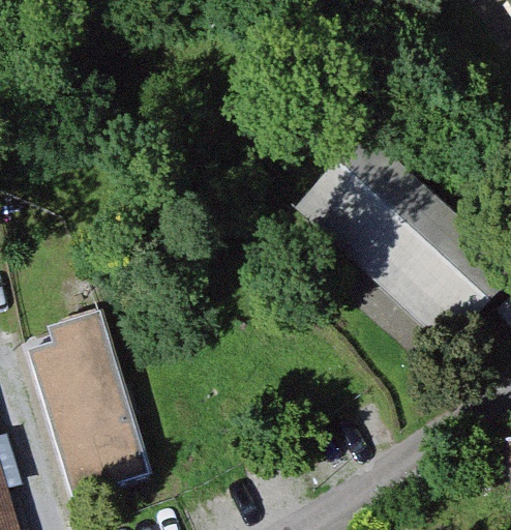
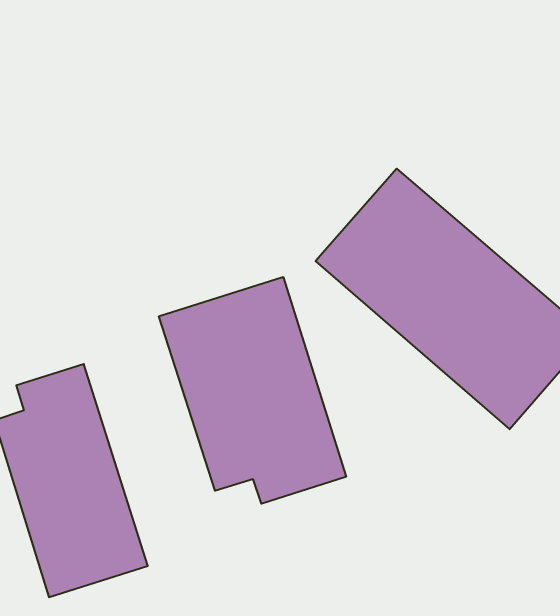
building: none -> [159,277,346,504]

